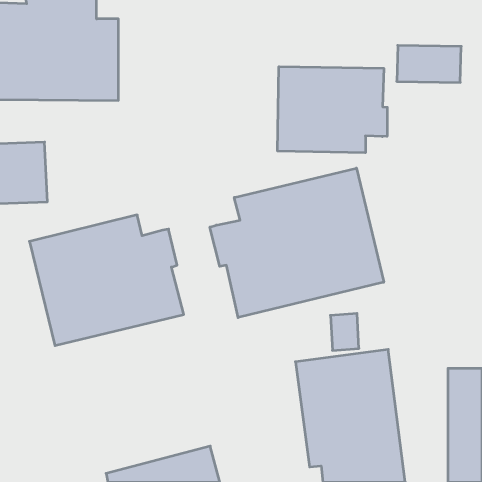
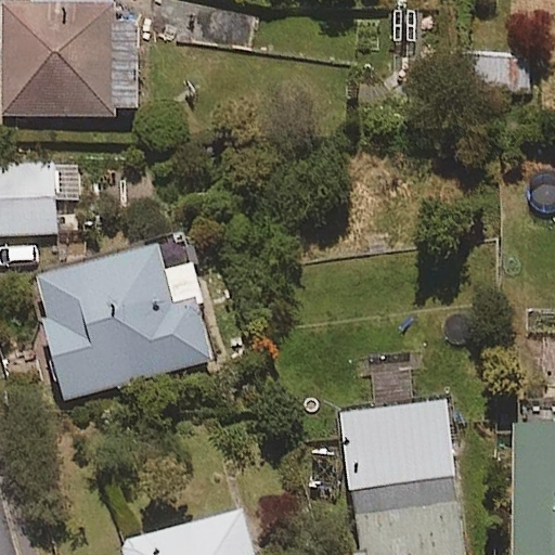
building: [278,67,387,153] -> none
building: [210,168,384,318] -> none

